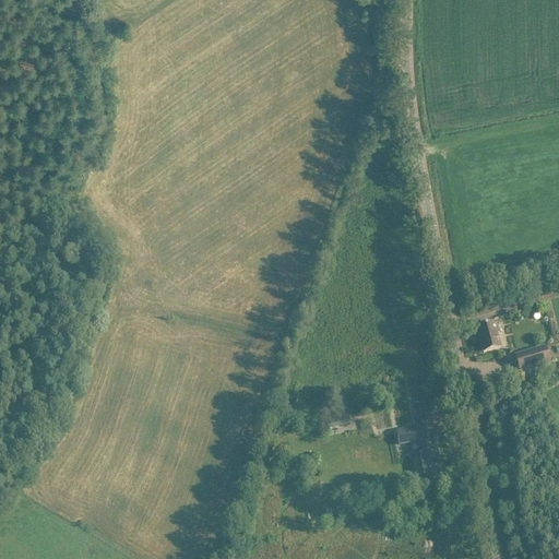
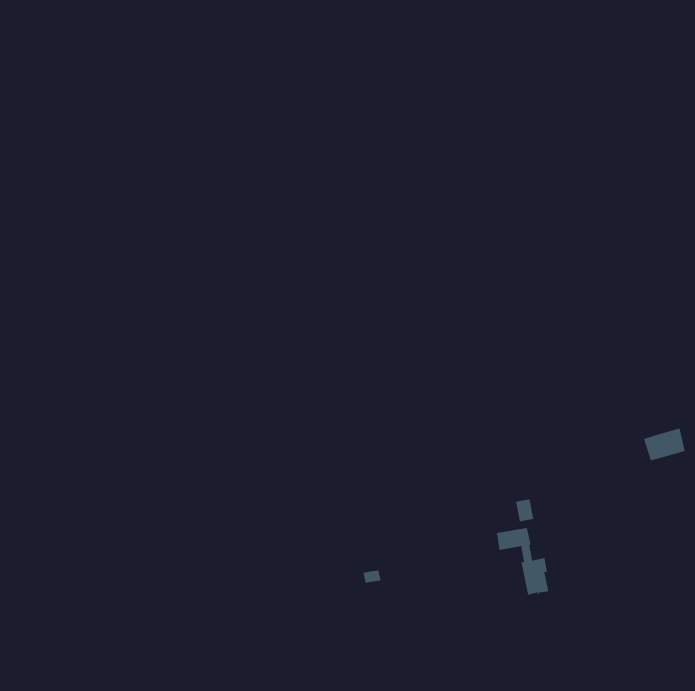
building: [478,320,501,349] -> none

